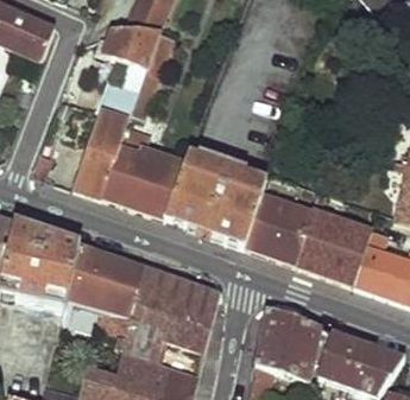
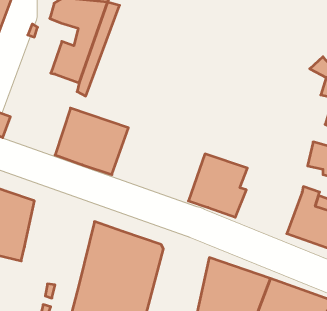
building: [74,109,127,197] -> none
building: [163,157,267,247] -> none
building: [297,211,371,282] -> none
building: [68,247,144,337] -> none

